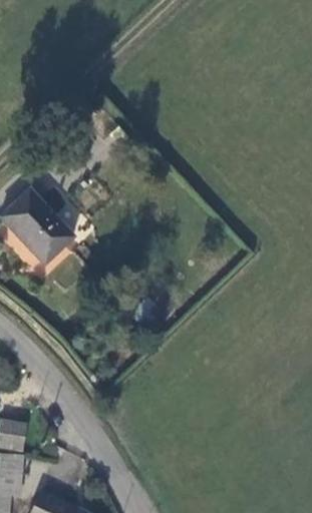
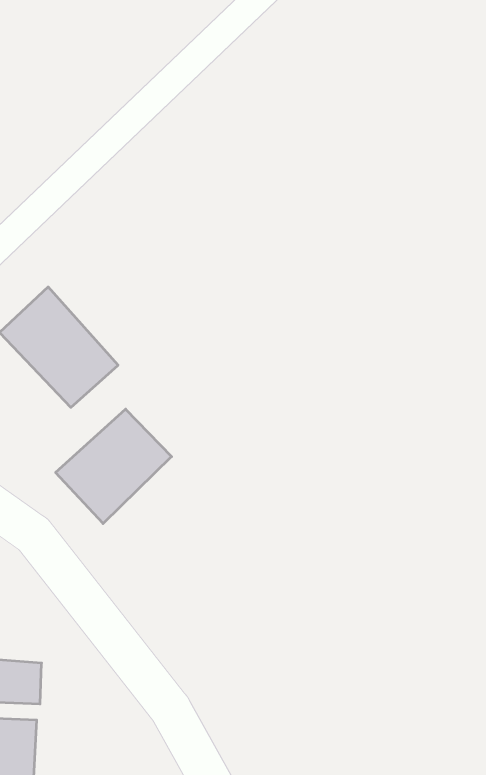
building: none -> [56,409,172,524]

